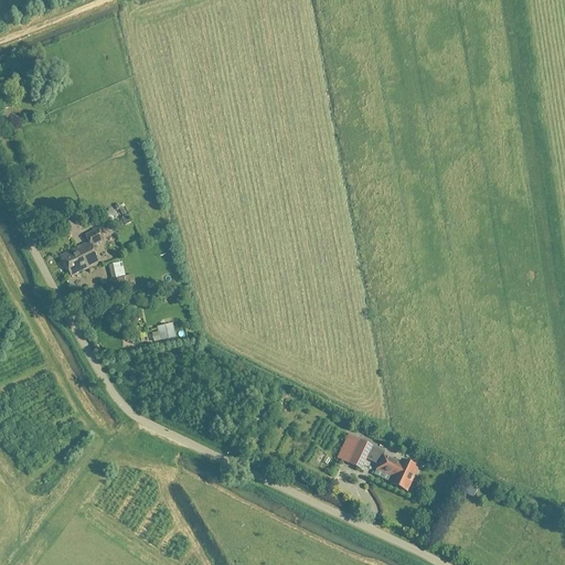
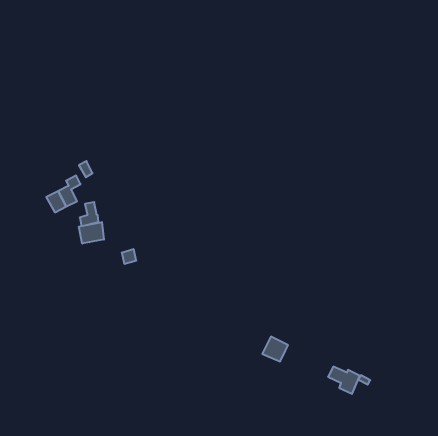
building: none -> [79,222,104,244]
building: [376,454,417,489] -> [328,367,360,394]

